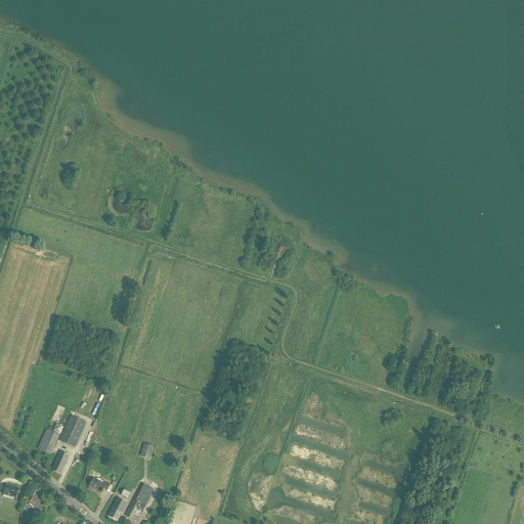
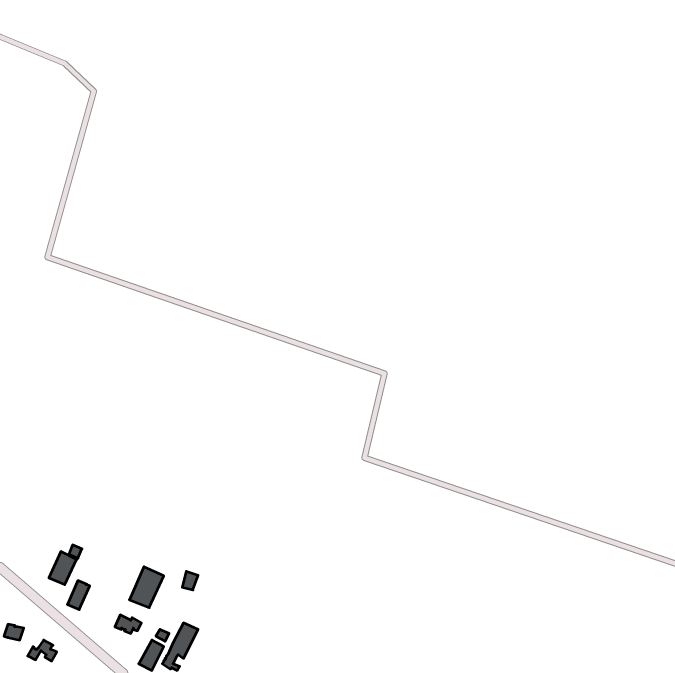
building: [59,414,86,446] -> [129,567,164,608]

